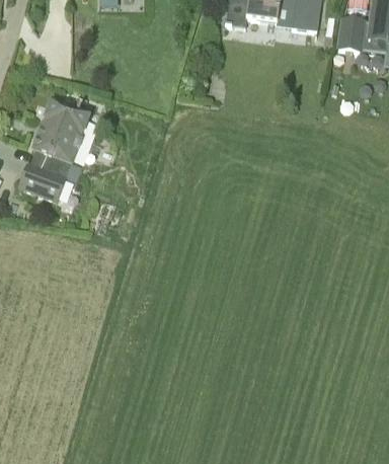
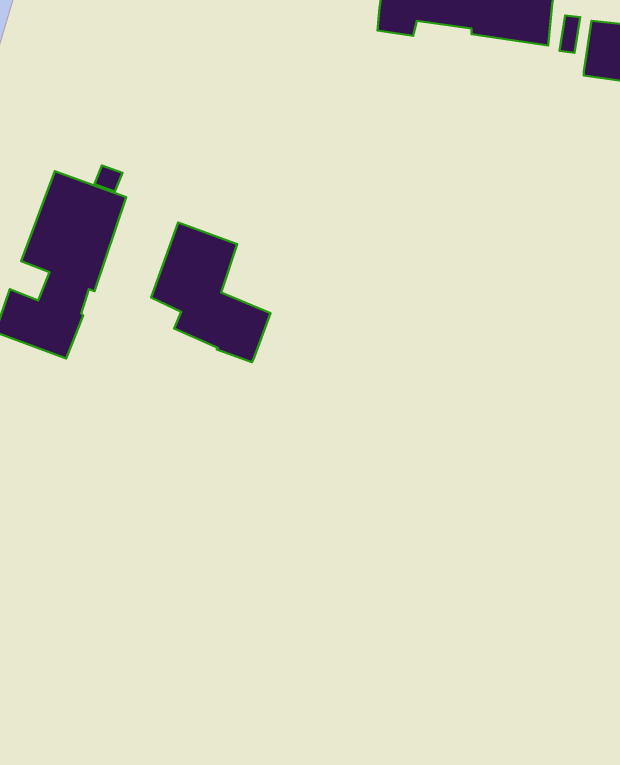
building: none -> [151,222,270,362]

